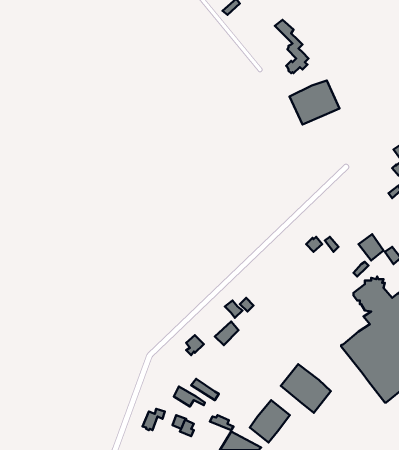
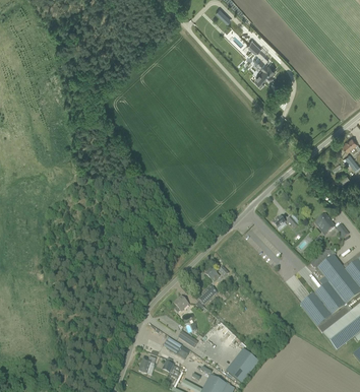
building: [290,80,339,124] -> none
building: [281,364,331,413] -> none

